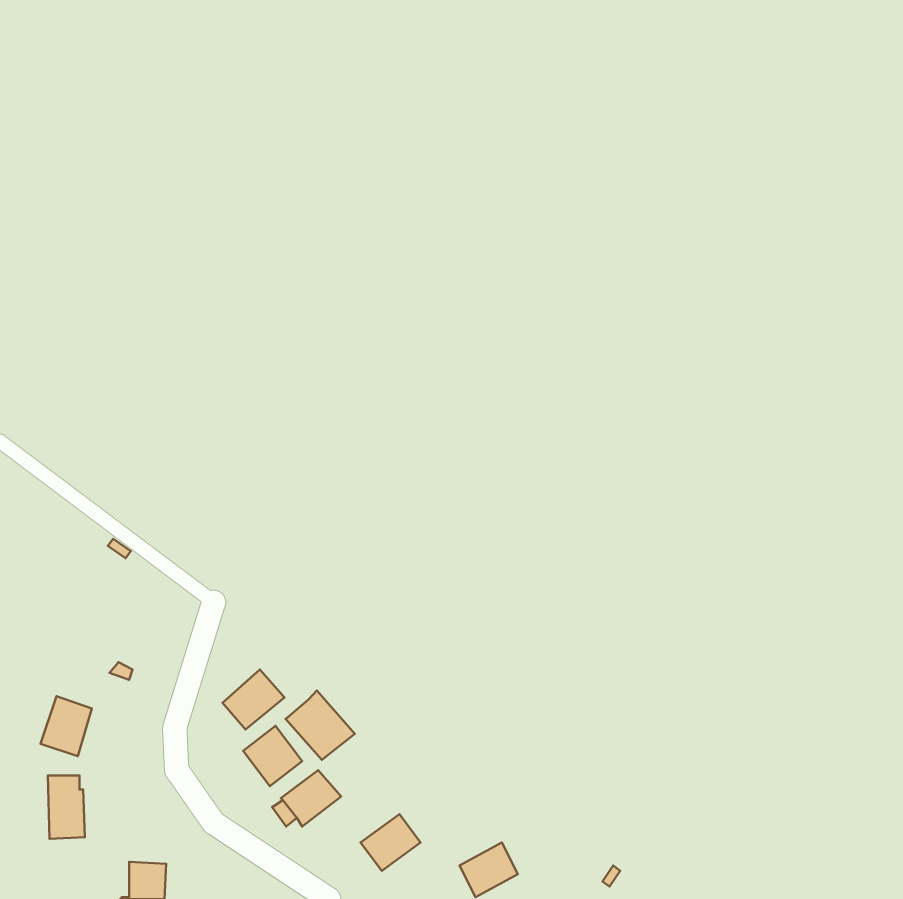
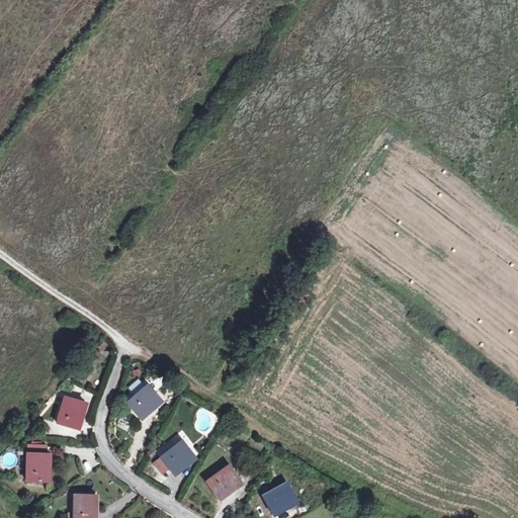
building: [285,690,355,760] -> none
building: [41,696,92,756] -> [57,396,86,430]
building: [243,726,302,786] -> none

